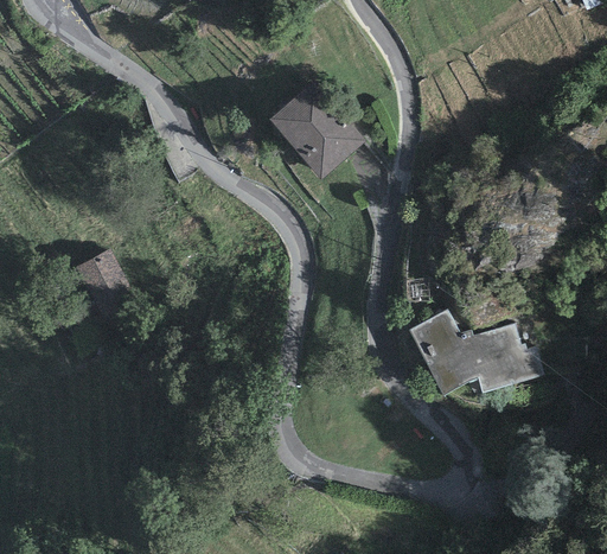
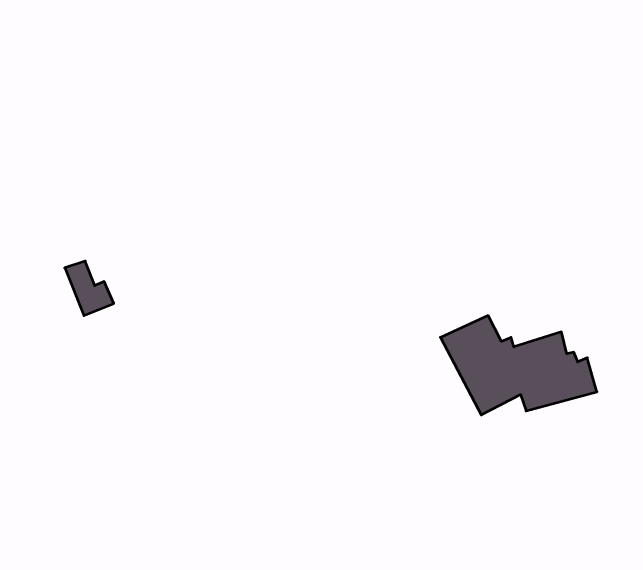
building: [269,78,368,179] -> none

